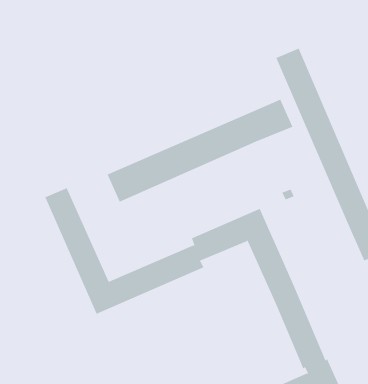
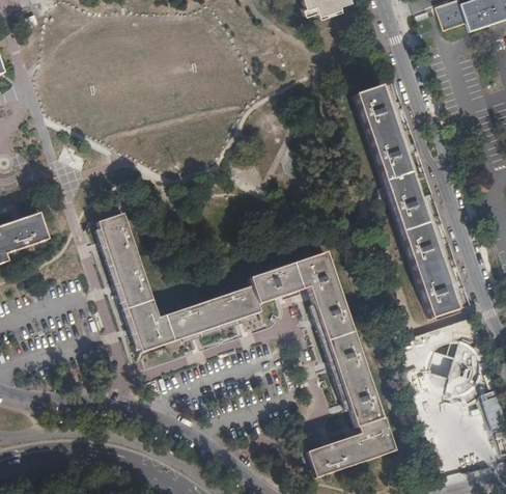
building: [107,99,293,202] -> none

